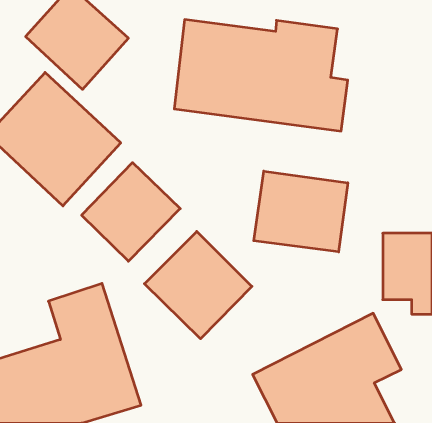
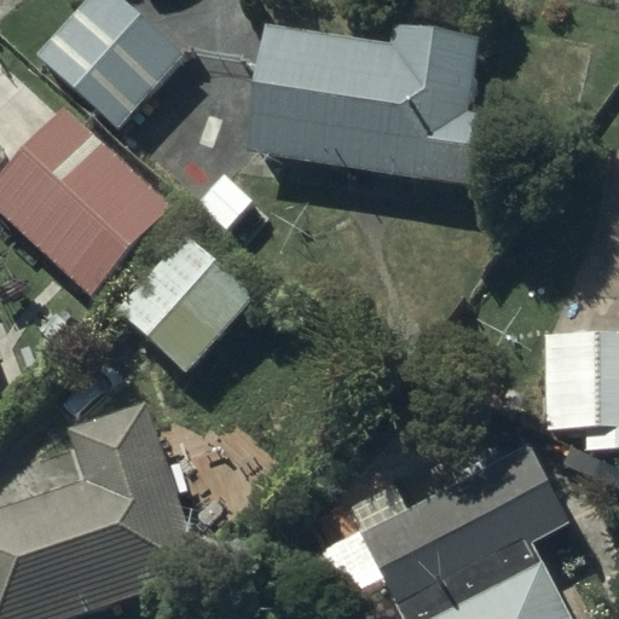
building: [254,171,348,252] -> none
building: [144,231,252,339] -> none

